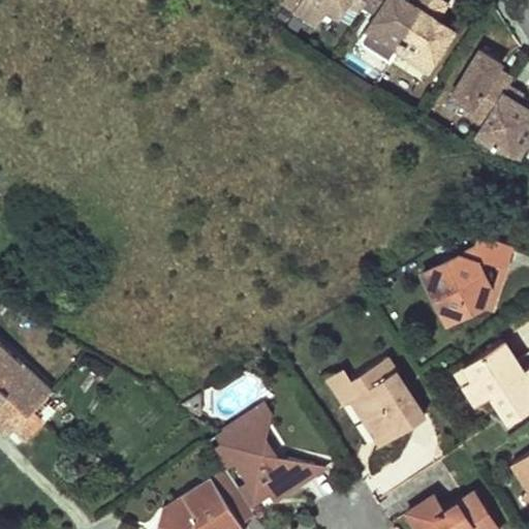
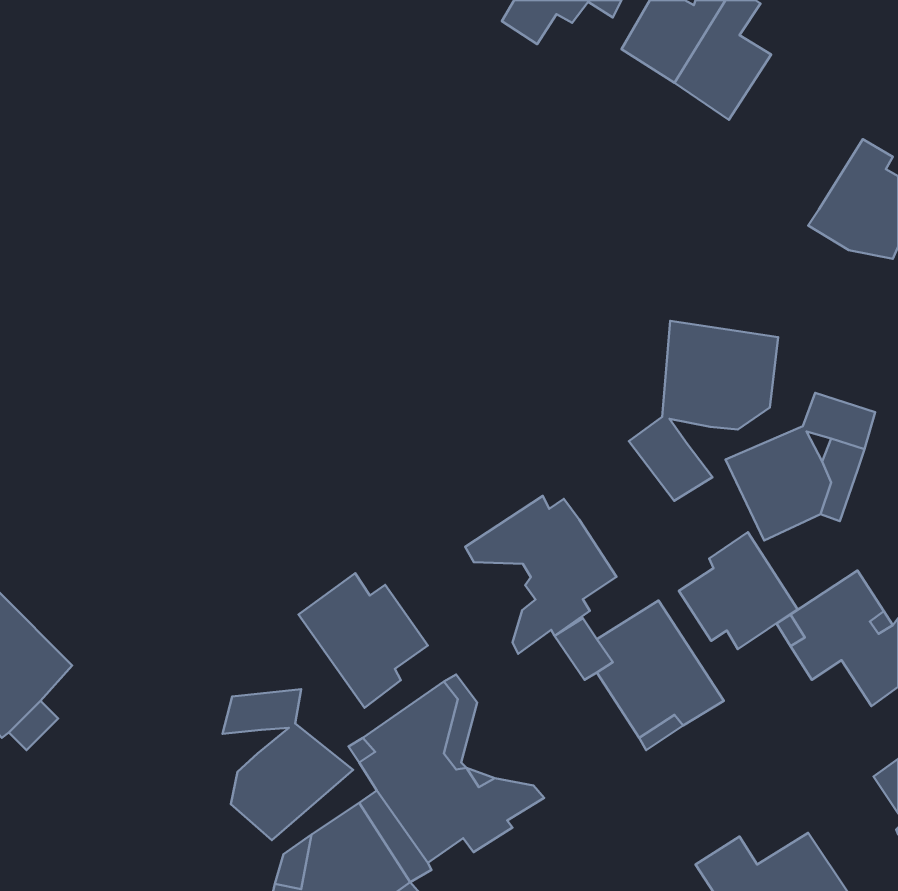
building: [454,53,510,128] -> none
building: none -> [629,321,778,501]
building: none -> [465,496,617,654]
building: none -> [679,532,798,649]
building: none -> [299,573,428,708]
building: none -> [223,689,353,840]

